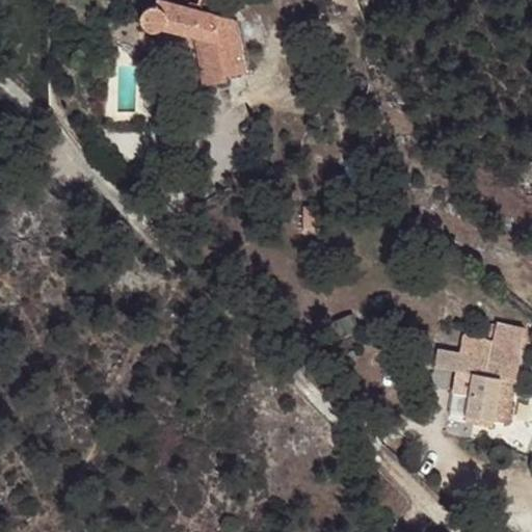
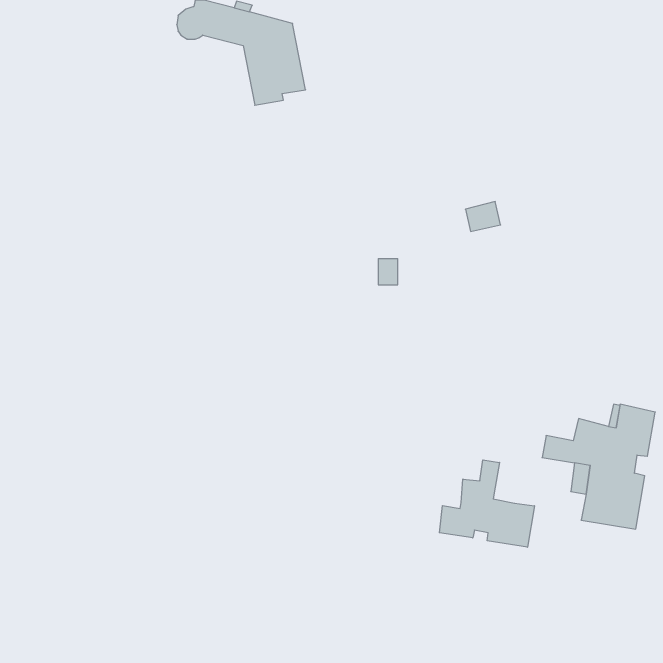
building: none -> [439,460,534,547]

